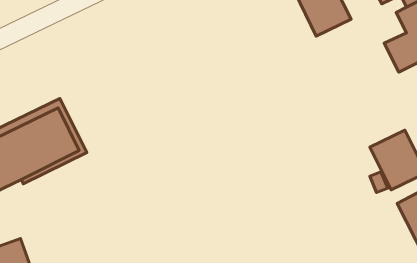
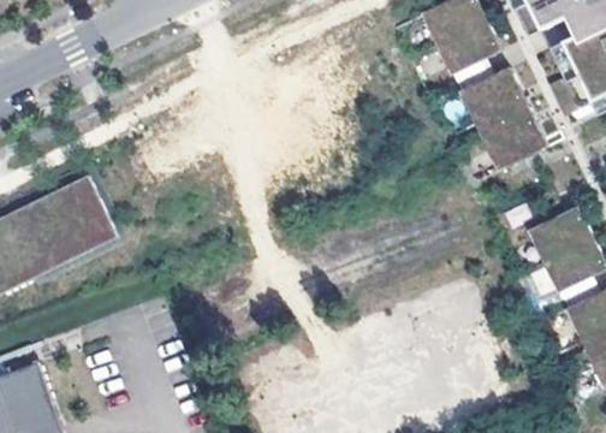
building: none -> [459,67,546,168]

